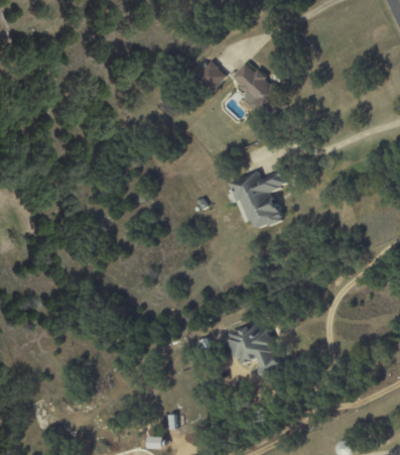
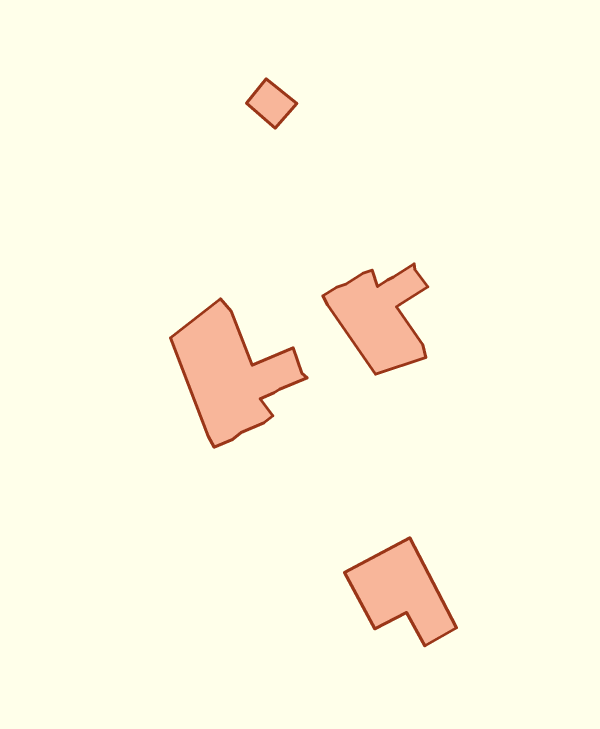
building: [233,63,277,110] -> none
building: none -> [170,299,307,447]

